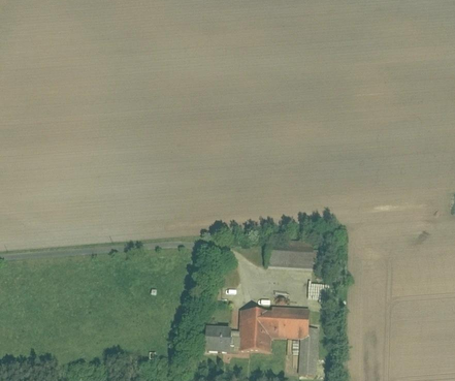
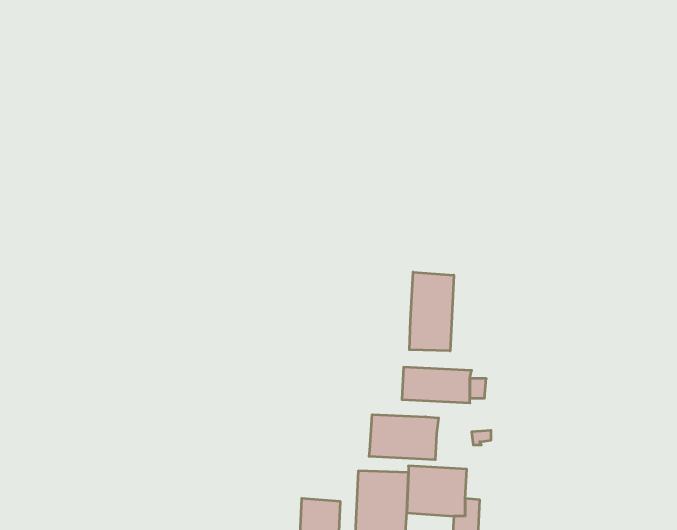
building: none -> [409,272,454,351]
building: none -> [369,415,439,460]

